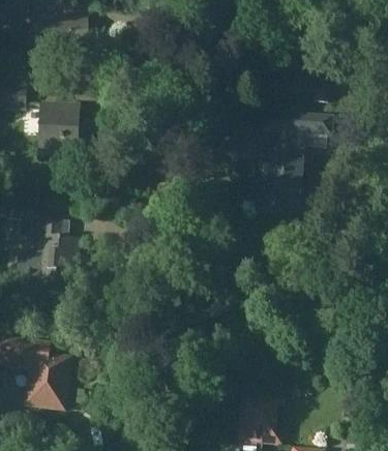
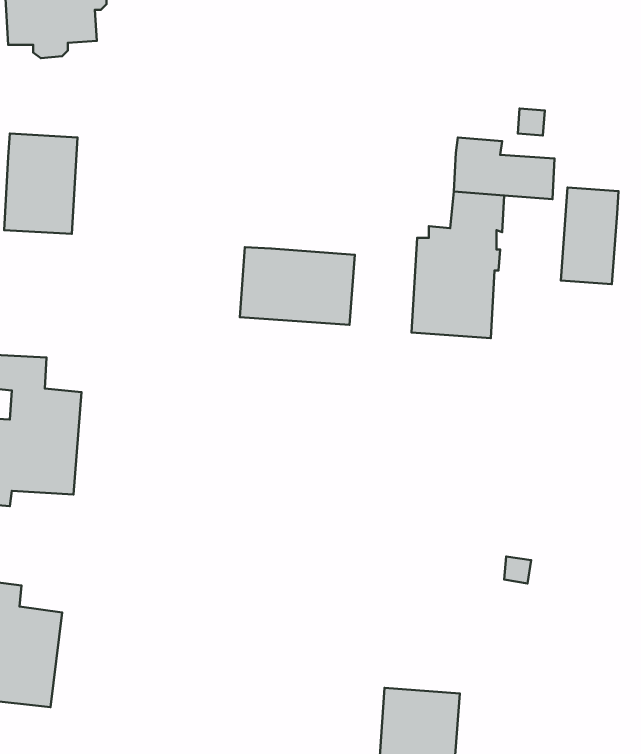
building: none -> [561,187,618,284]
building: none -> [240,247,355,325]

